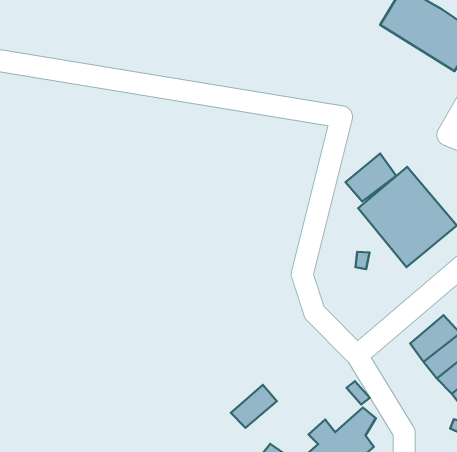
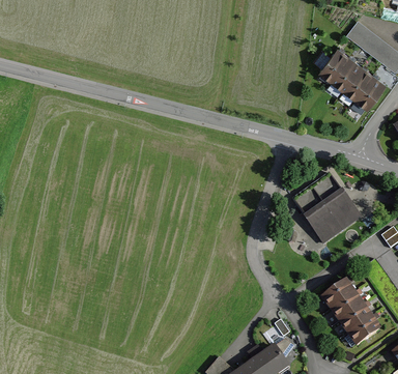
building: [345,153,396,202] -> none
building: [231,385,277,428] -> none

